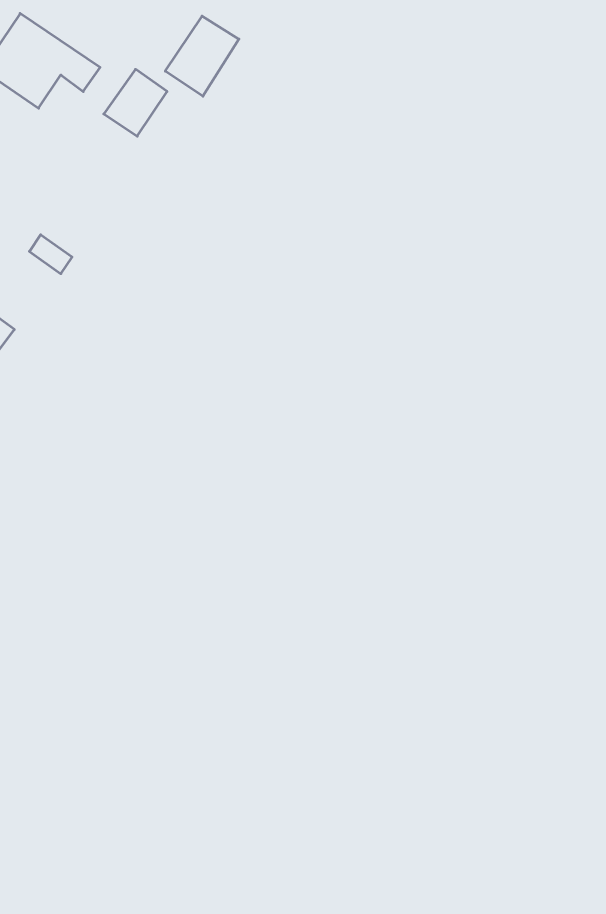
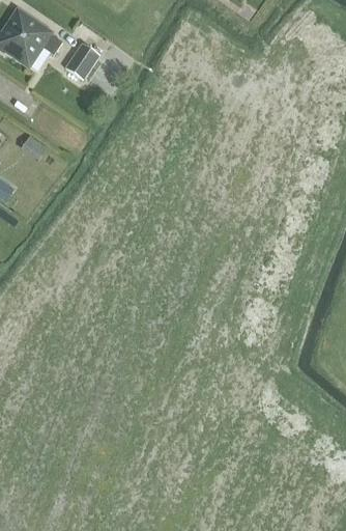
building: [165,16,239,96] -> none

